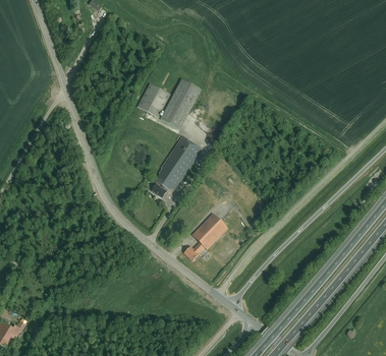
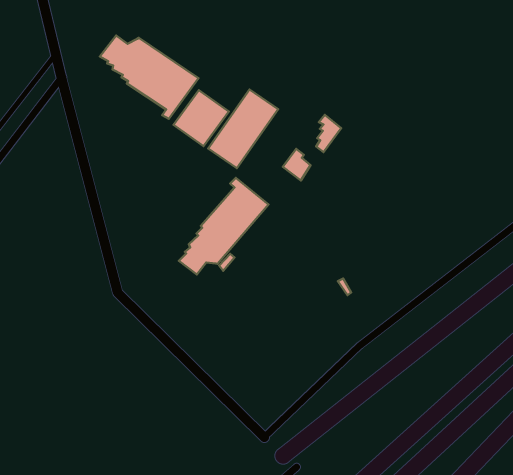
building: none -> [100,35,198,119]
building: [183,214,227,261] -> none

